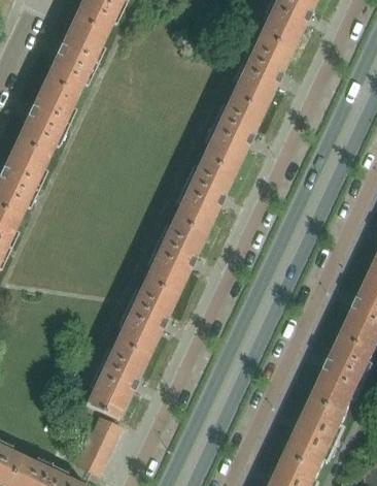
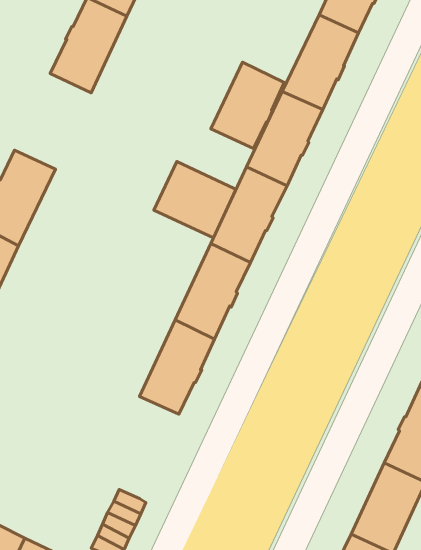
building: none -> [211,62,284,148]
building: [14,80,76,158] -> none
building: none -> [154,161,235,238]
building: [87,342,147,418] -> none

